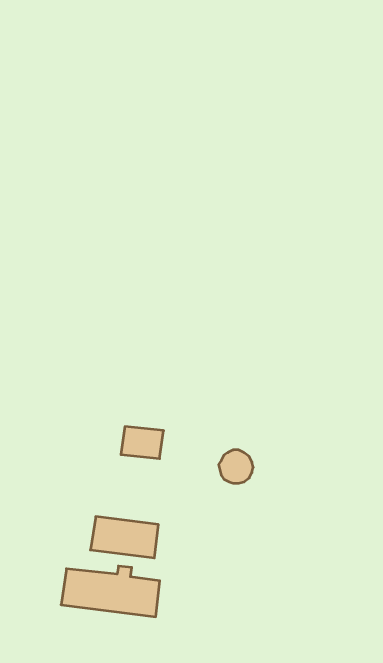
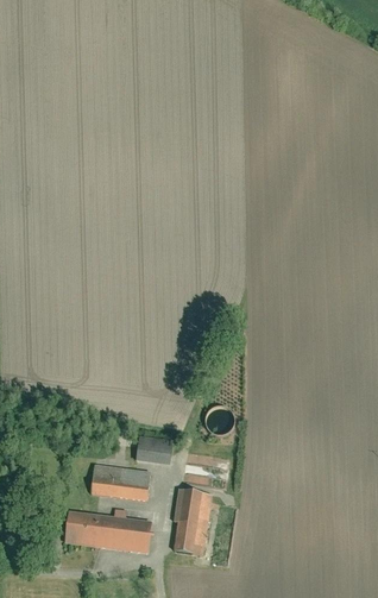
building: [121,427,164,459] -> [134,435,172,464]
building: none -> [172,489,213,554]

